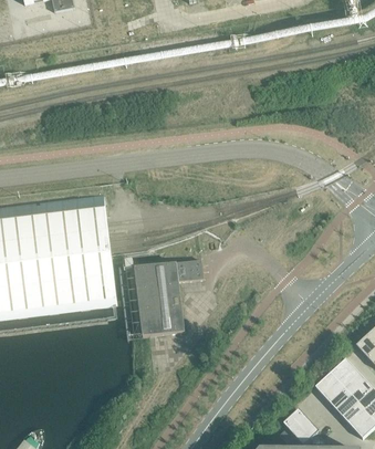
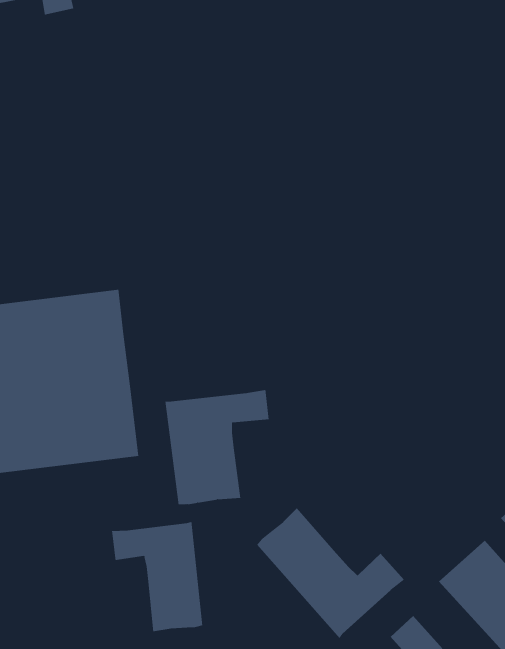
building: none -> [257,508,405,639]
building: none -> [112,521,203,632]

